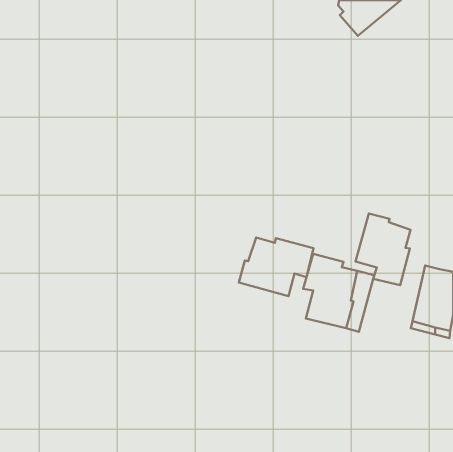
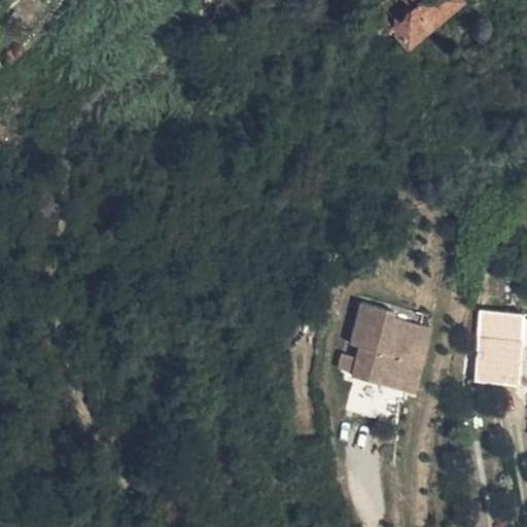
building: [356,213,411,285] -> none
building: [239,238,313,296] -> none

